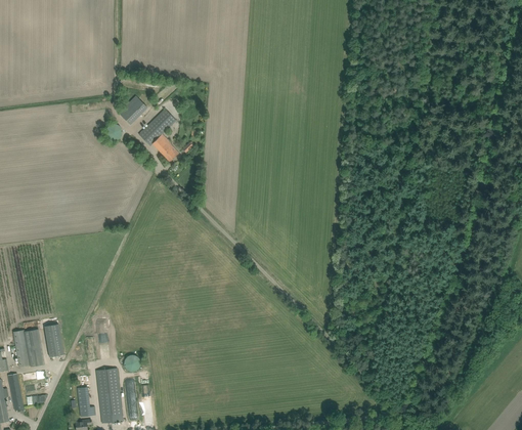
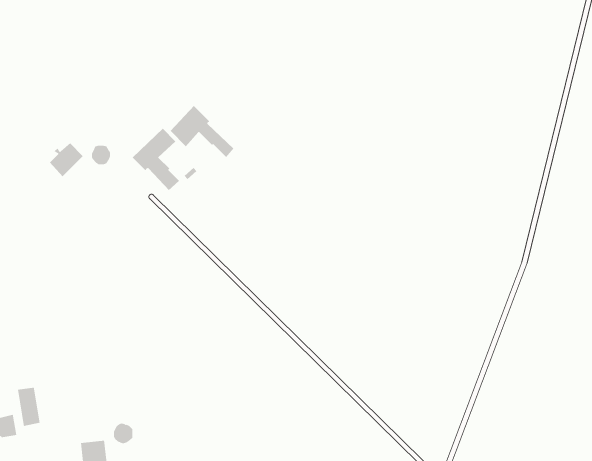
building: none -> [170,105,234,158]
building: [119,95,147,124] -> [49,143,84,177]

